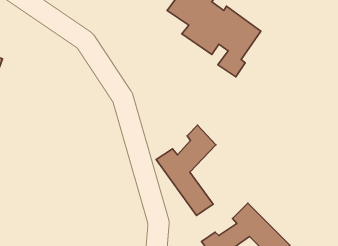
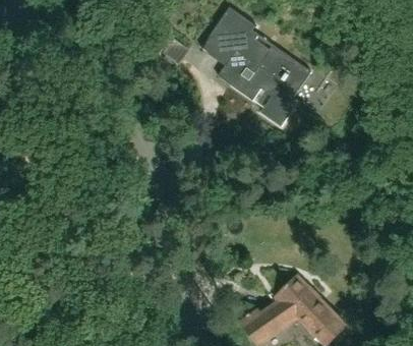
building: [156,125,216,216] -> none

